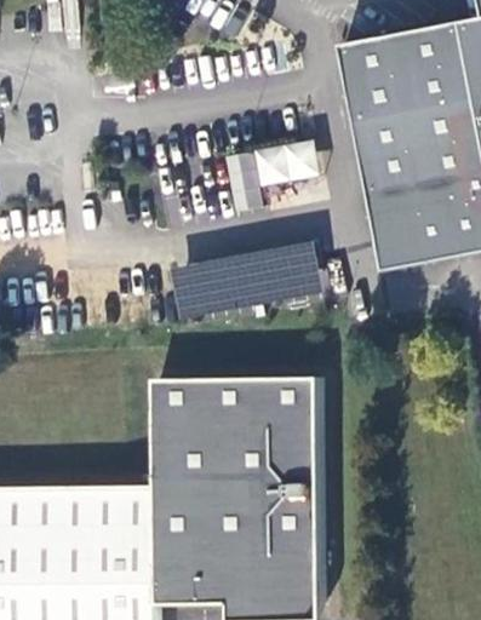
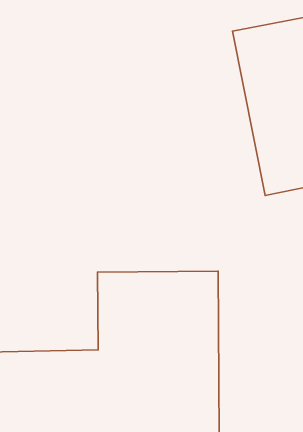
building: [224,139,320,213] -> none
building: [170,243,322,320] -> none

